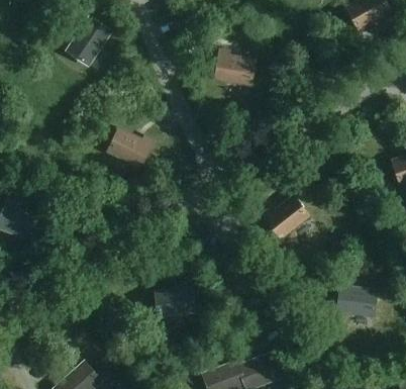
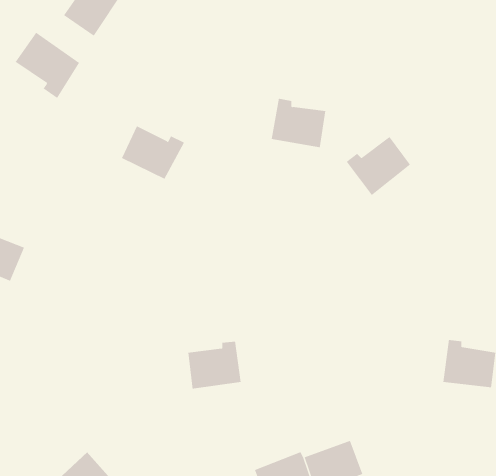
building: [215,51,255,86] -> [271,98,326,148]
building: none -> [15,32,80,99]
building: [263,196,309,238] -> [346,136,411,196]

